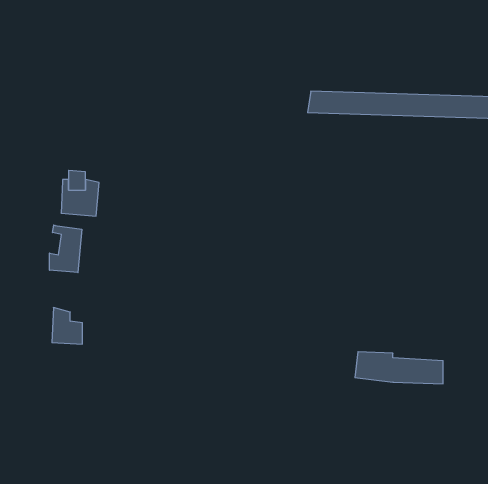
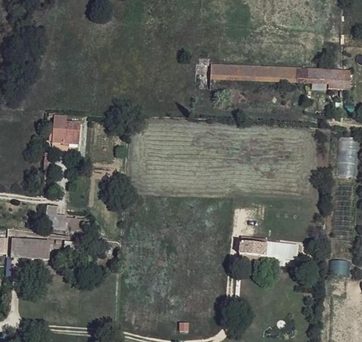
building: [50,225,82,273] -> none
building: none -> [13,239,51,259]

